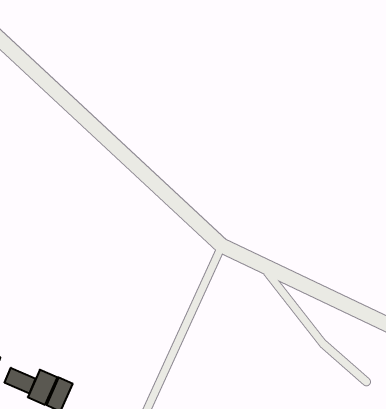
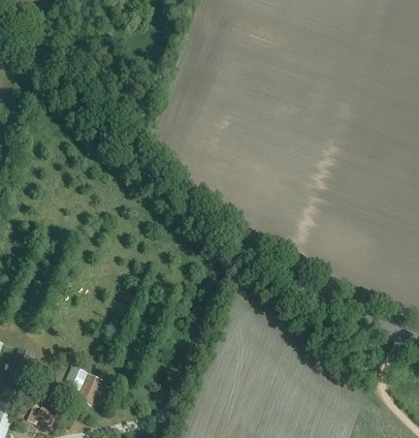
building: [5,368,36,394] -> none

